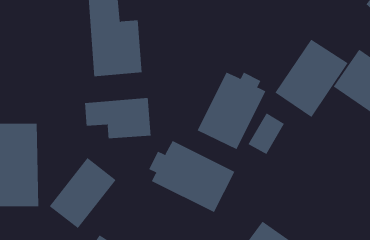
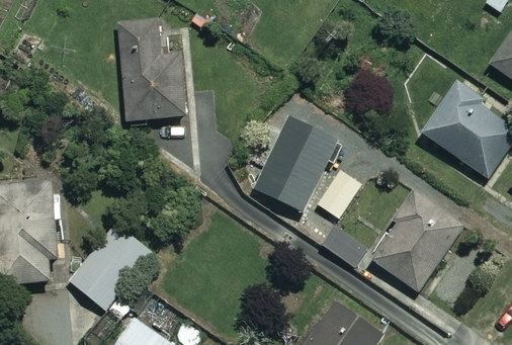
building: [274,39,348,118] -> [370,193,462,291]
building: [84,97,151,139] -> none
building: [149,140,235,213] -> none

